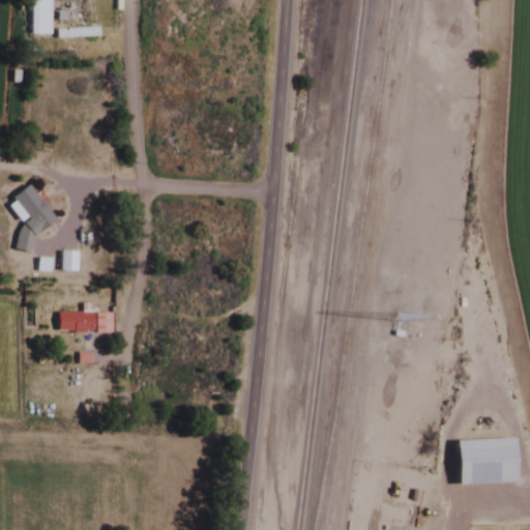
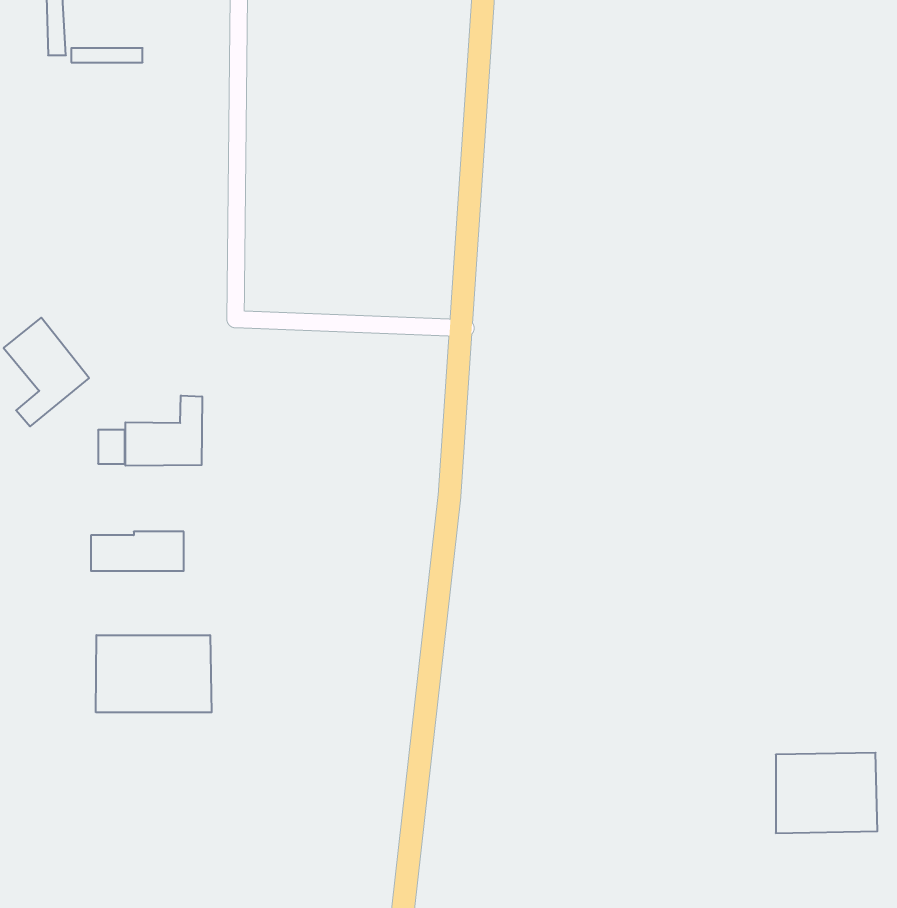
building: none -> [125,395,202,466]
building: none -> [96,635,212,712]

